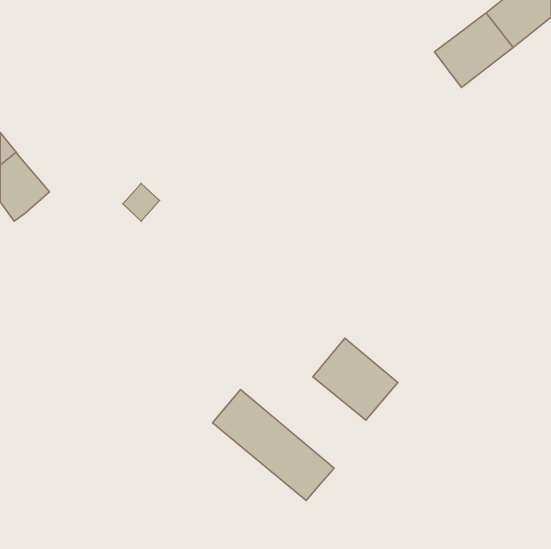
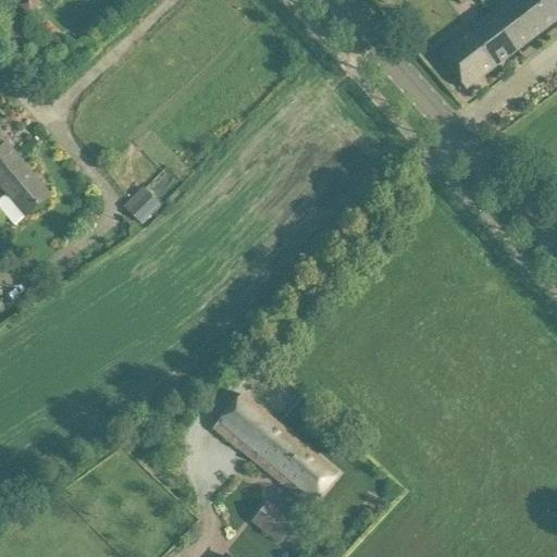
building: [313,338,398,420] -> none
building: none -> [250,499,297,543]

